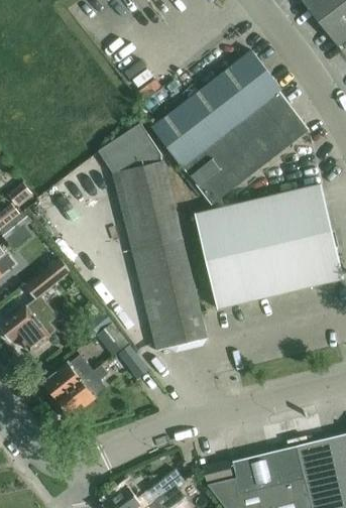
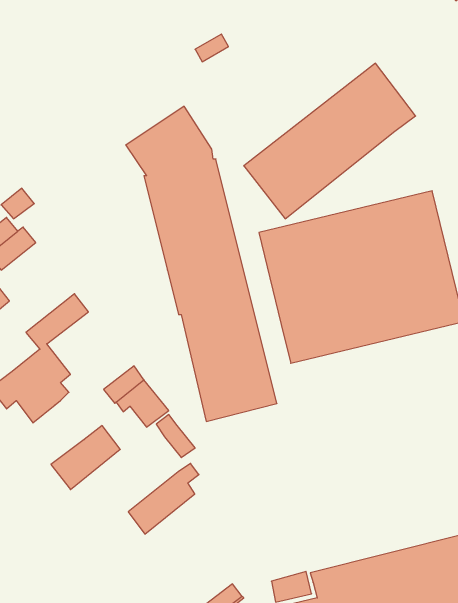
building: [153,51,281,167] -> none
building: [57,366,109,417] -> [128,463,199,534]

